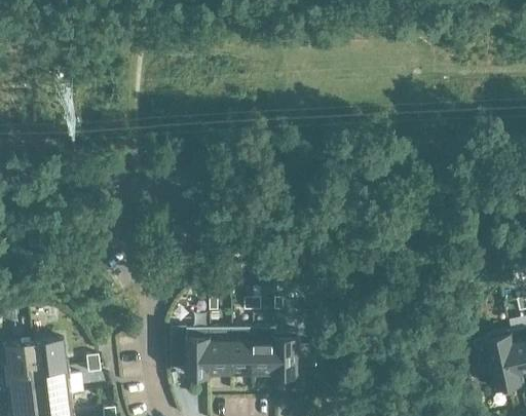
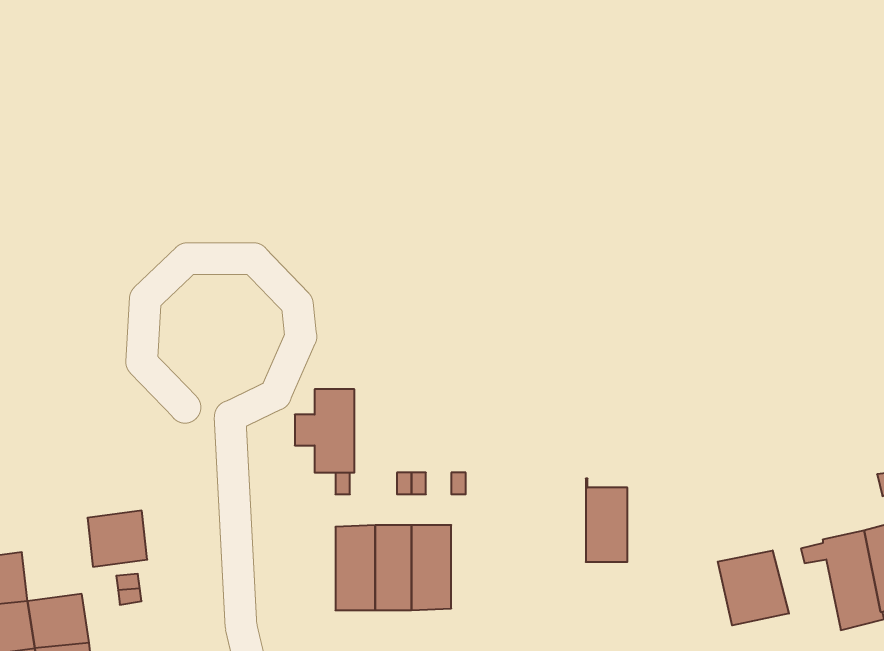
building: [276,329,300,376] -> [586,479,627,562]
building: [177,330,211,377] -> [295,389,354,473]
building: [33,340,67,372] -> [87,511,147,567]
building: none -> [718,550,789,625]

